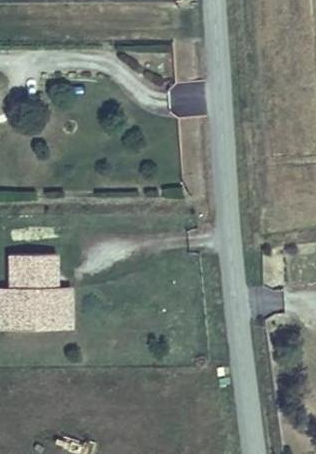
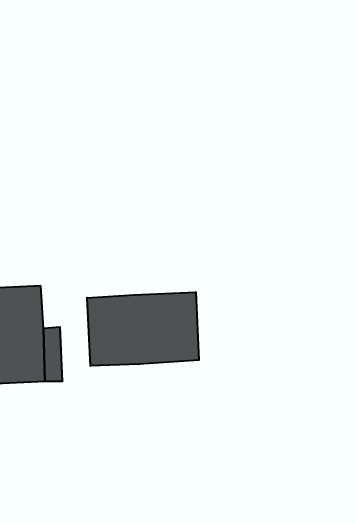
building: none -> [87,292,199,366]

